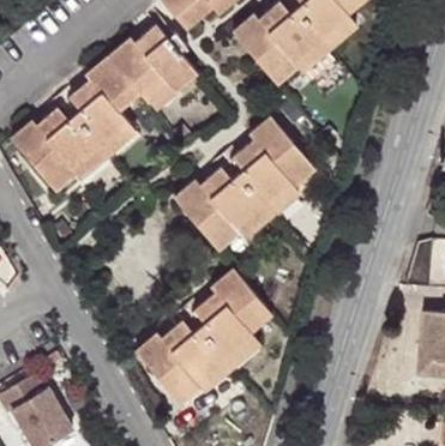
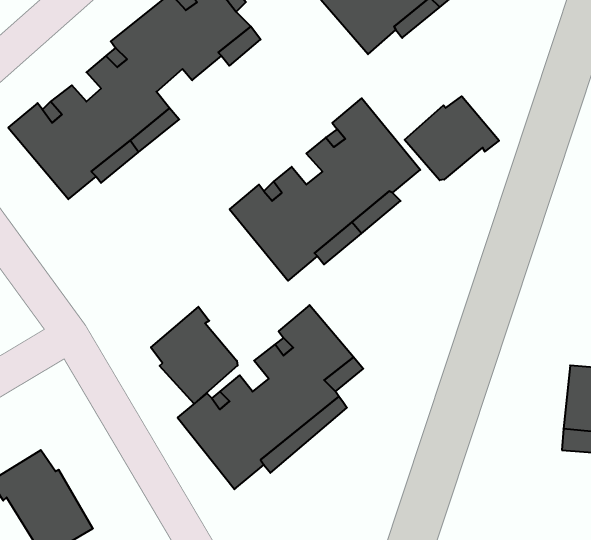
building: none -> [405,96,499,180]
building: none -> [151,307,238,404]

